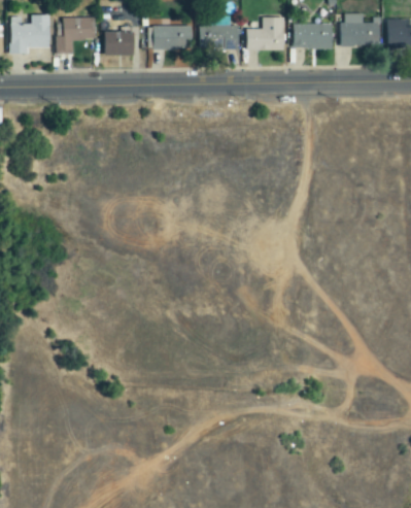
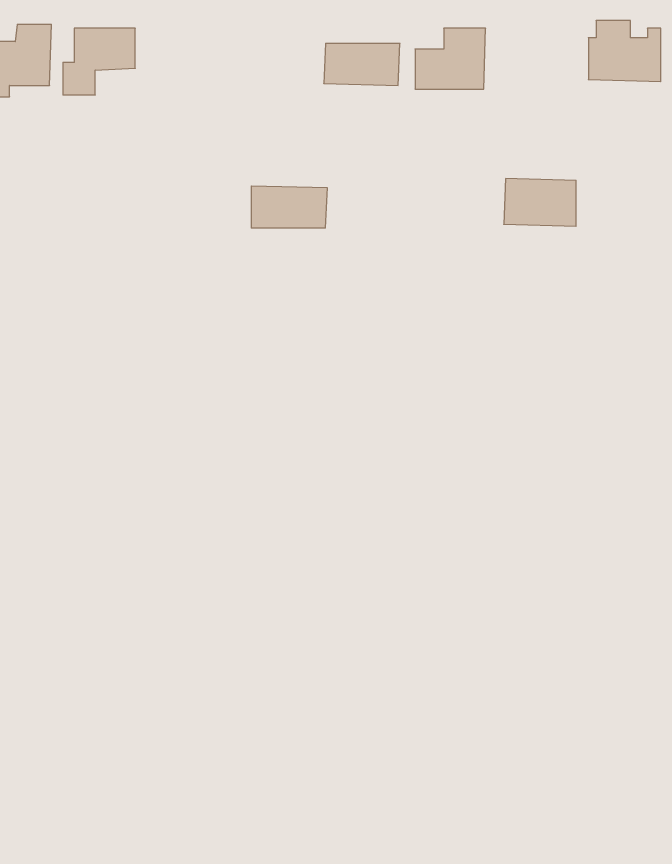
building: [294,23,333,48] -> [504,179,576,226]
building: [151,25,193,47] -> [251,186,327,228]
building: [105,31,135,55] -> none

